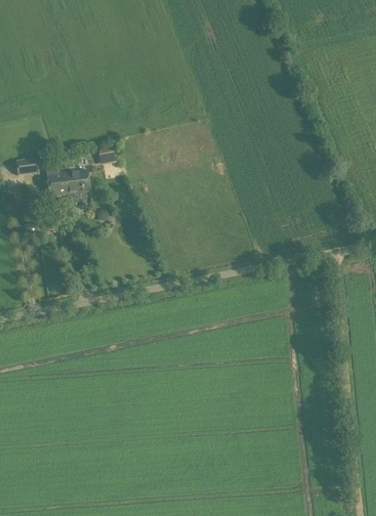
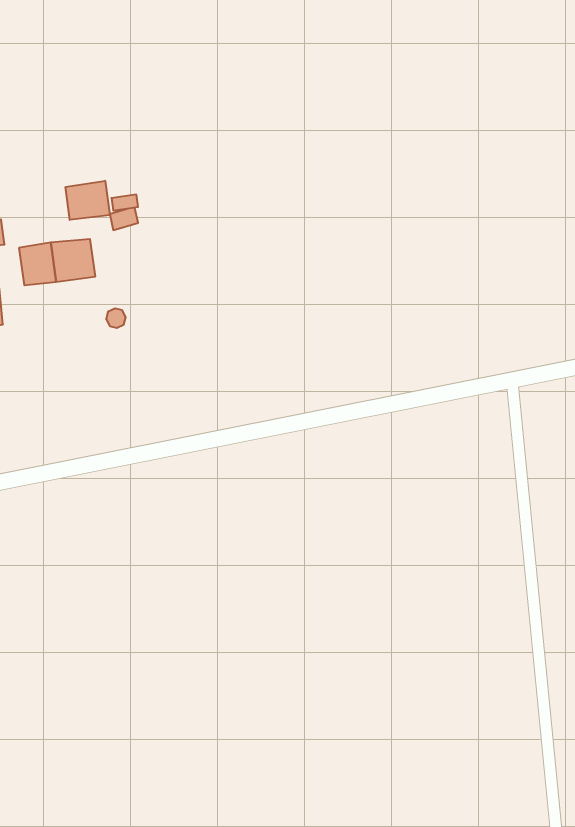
building: none -> [66,181,110,220]

